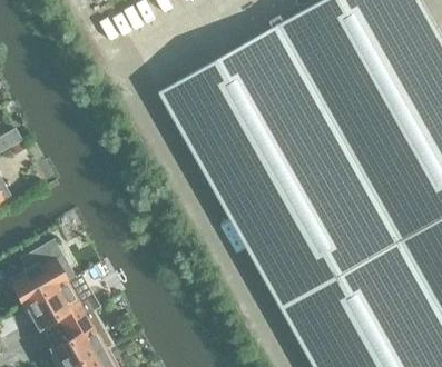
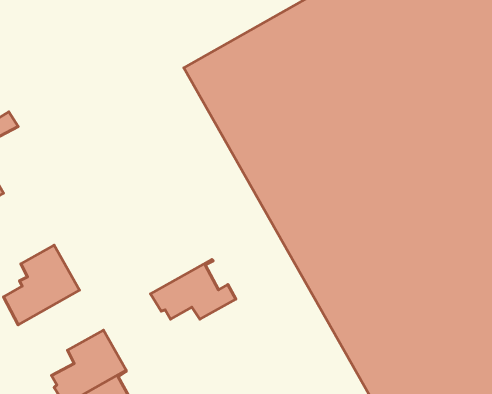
building: [22,278,94,328] -> [150,259,236,319]

